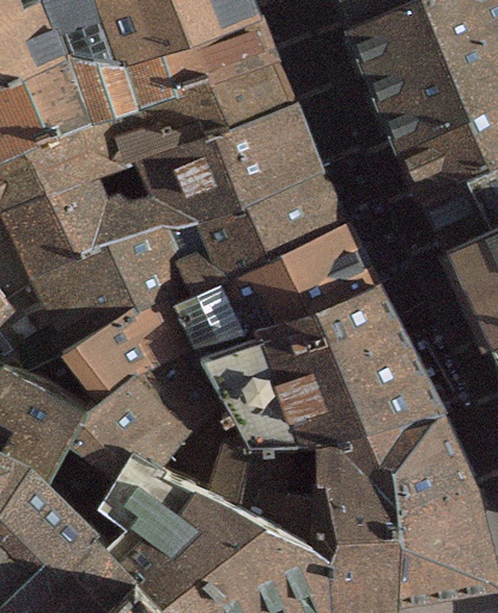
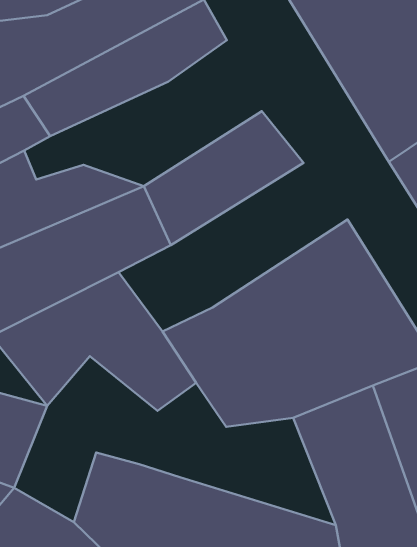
building: [140,109,333,230] -> none
building: [235,229,396,347] -> none
building: [65,376,202,523] -> none
building: [214,413,348,558] -> none

